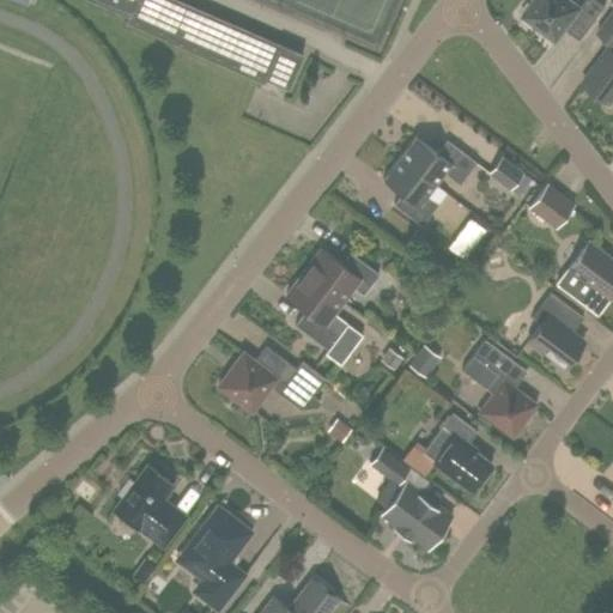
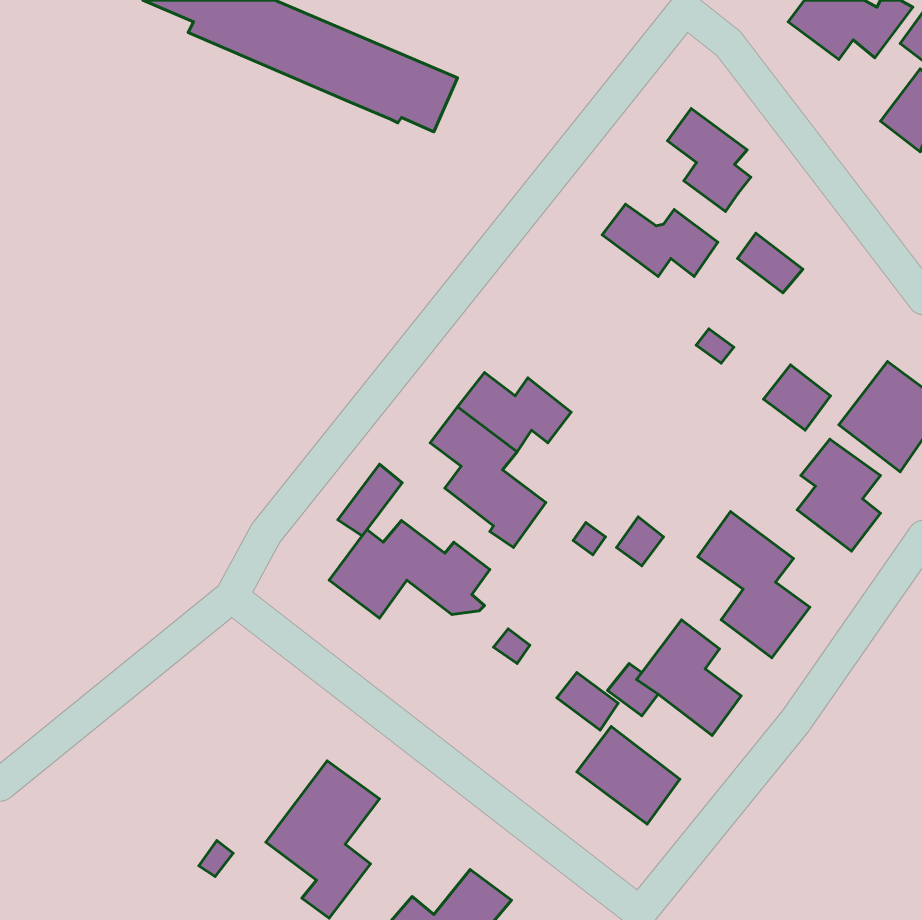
building: [384,158,439,226] -> [668,108,751,211]
building: [529,186,573,229] -> [763,365,830,430]
building: none -> [338,464,402,536]
building: [114,465,184,547] -> none

